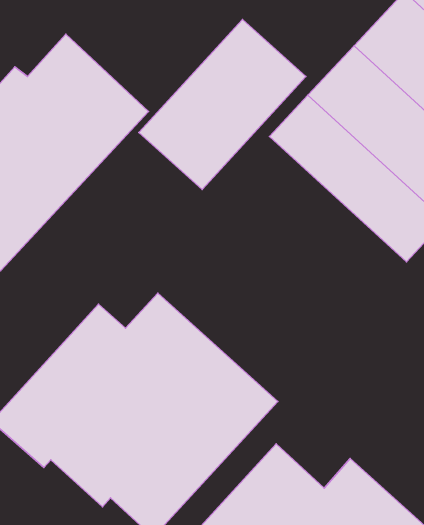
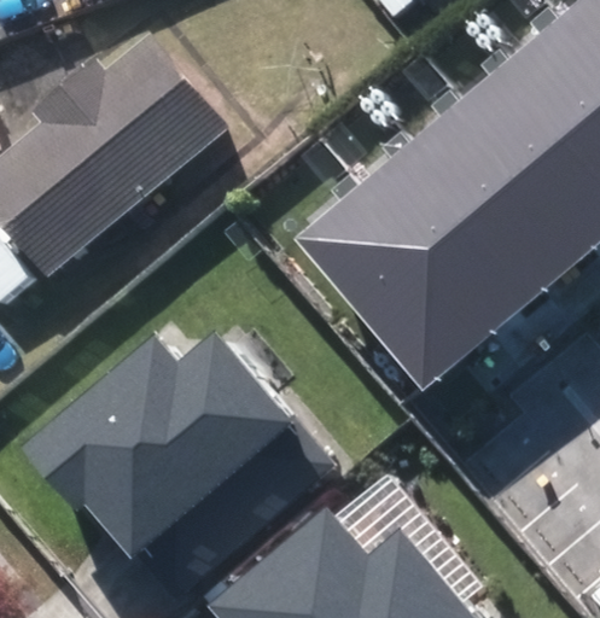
building: [139,20,306,190] -> none
building: none -> [293,182,484,386]

